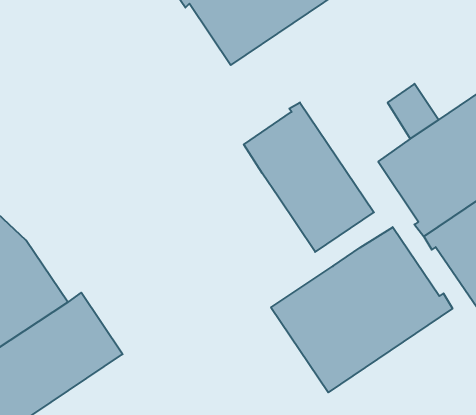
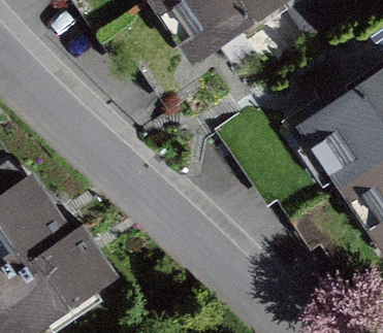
building: [244,102,374,252] -> none
building: [271,227,452,392] -> none

